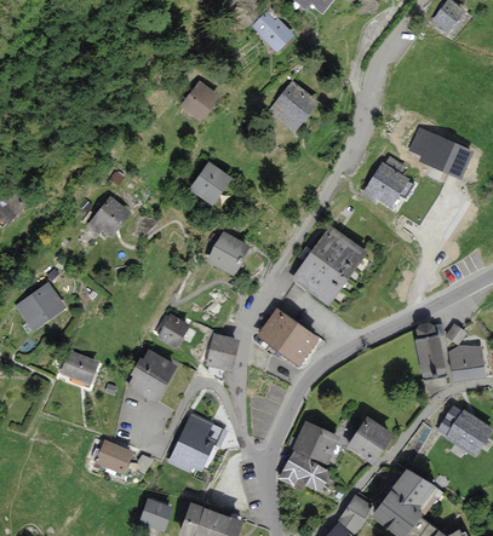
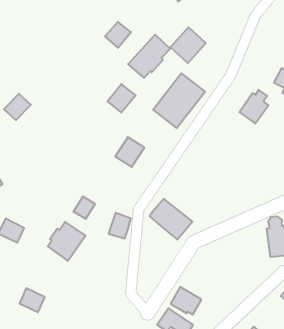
building: none -> [128,35,170,78]
building: [92,201,127,236] -> [4,94,31,120]
building: [294,230,361,302] -> [153,73,205,128]
building: [170,415,219,471] -> none
building: [350,420,390,461] -> none

